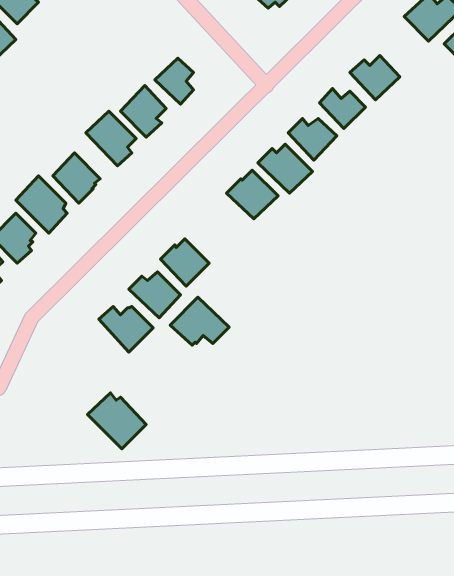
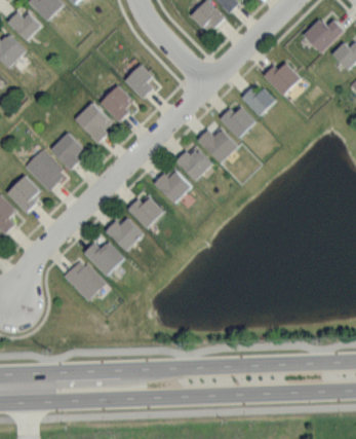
building: none -> [154,168,191,203]
building: [170,297,229,345] -> none
building: [87,393,146,449] -> [63,260,105,300]

